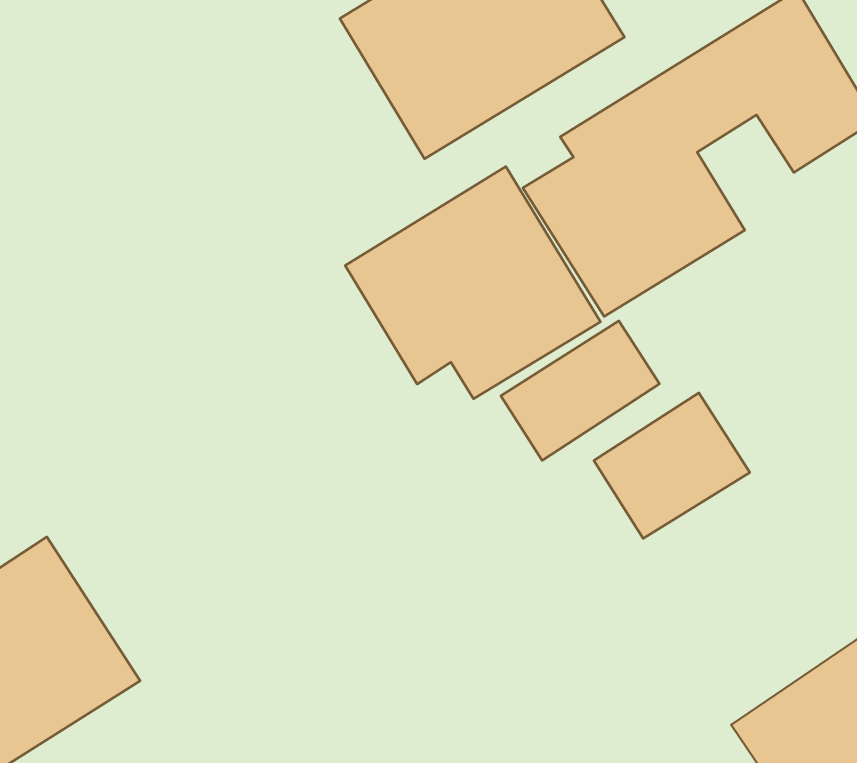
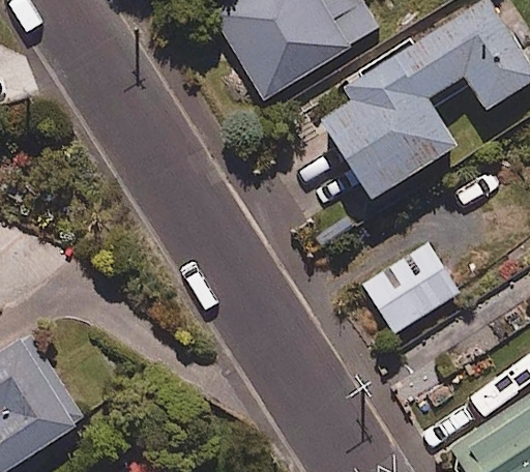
building: [345,167,600,399] -> none
building: [501,321,660,460] -> none

